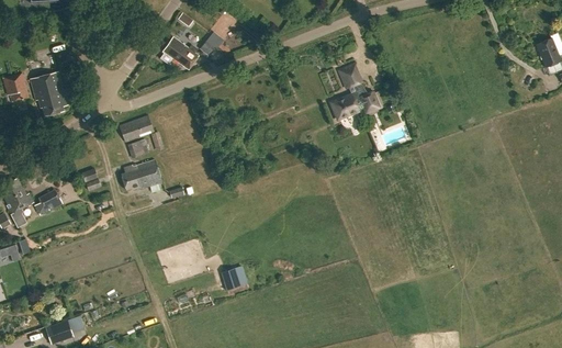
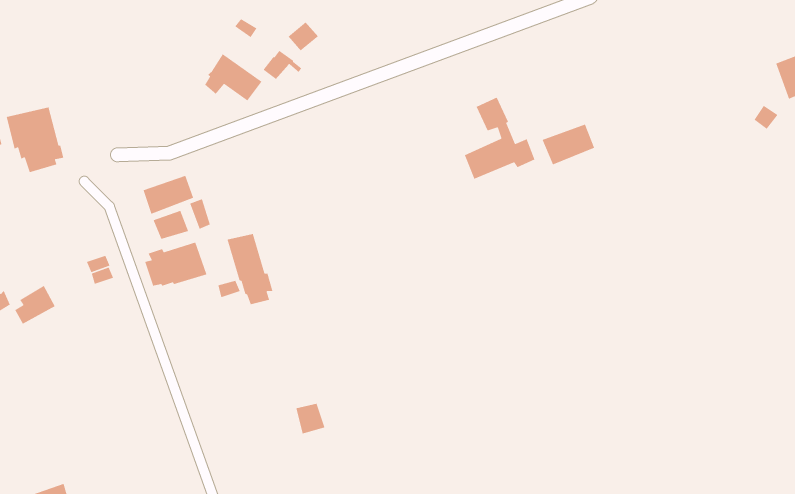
building: none -> [542,124,595,165]
building: none -> [226,233,273,305]

